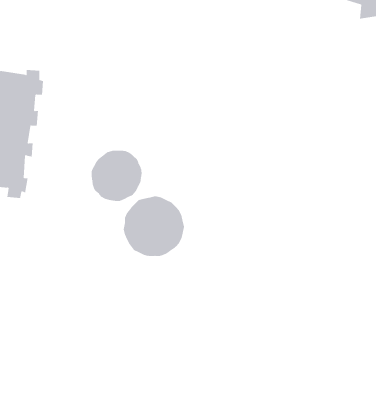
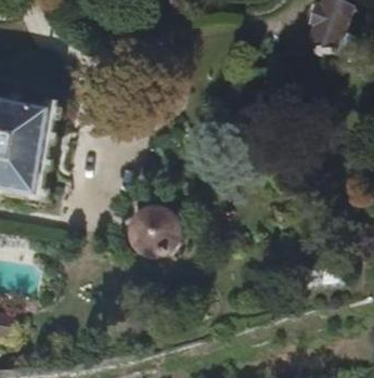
building: [91,150,142,202] -> none

